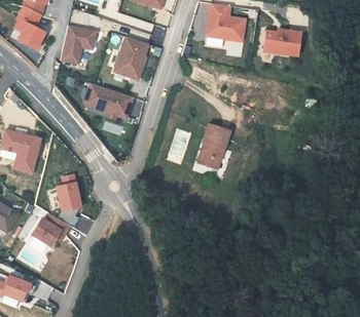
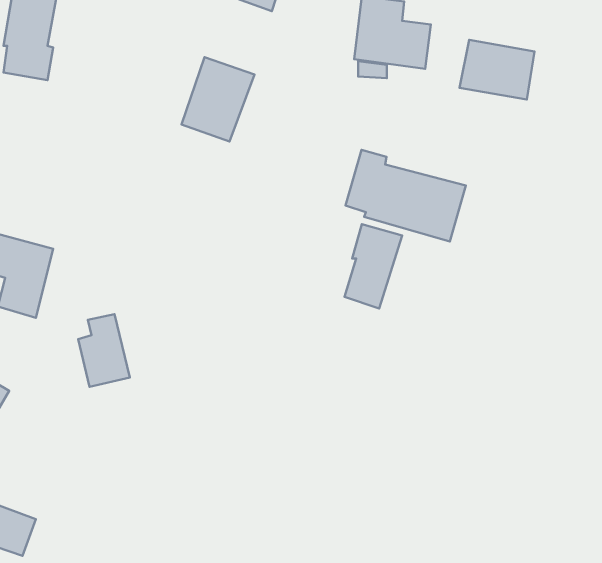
building: [60,24,98,65] -> none
building: [80,81,134,120] -> none
building: none -> [346,150,466,241]
building: [32,212,72,248] -> none

